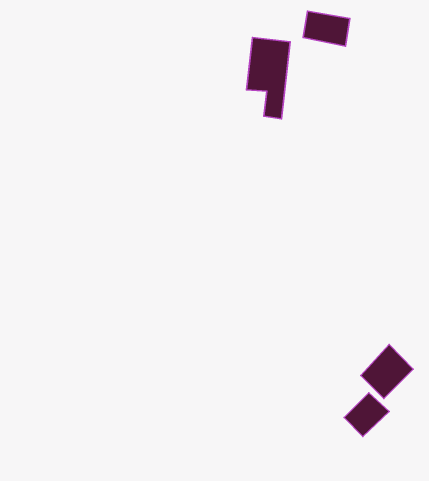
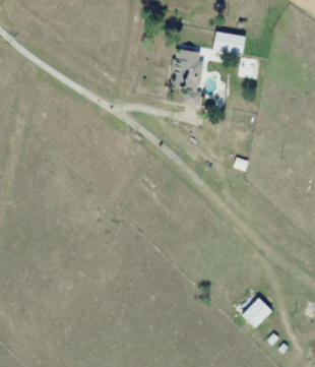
building: [361,344,413,399] -> none

